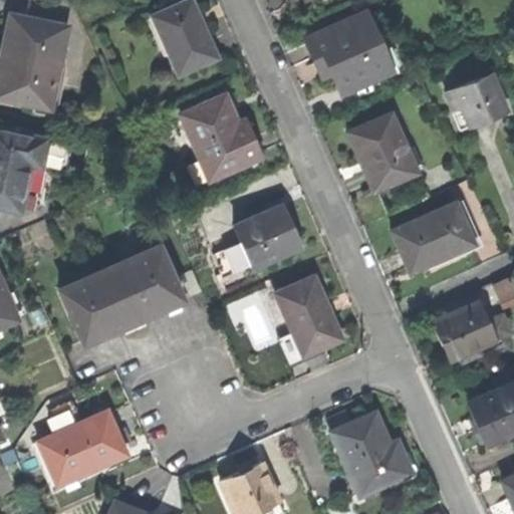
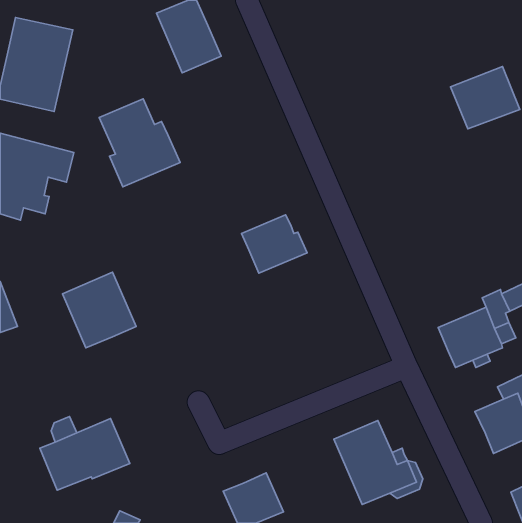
building: [303,13,391,94] -> none
building: [184,95,263,182] -> [99,99,180,187]
building: [347,113,416,191] -> none
building: [392,204,473,273] -> none
building: [111,245,184,320] -> none
building: [215,245,255,281] -> none
building: [279,278,341,352] -> none

